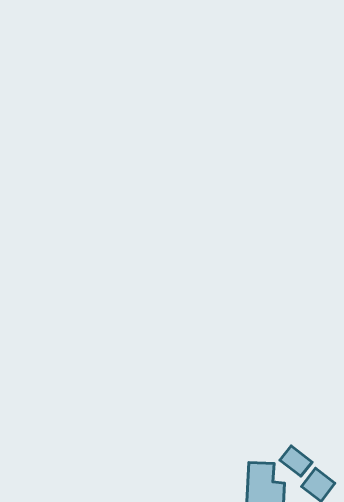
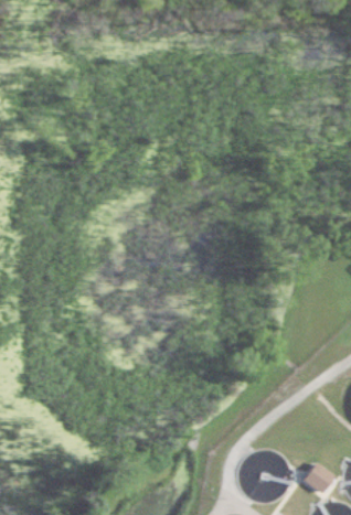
building: [280,446,312,476] -> none

